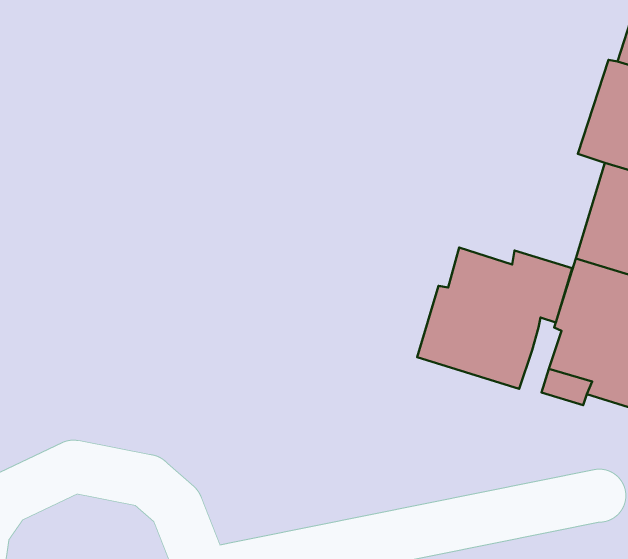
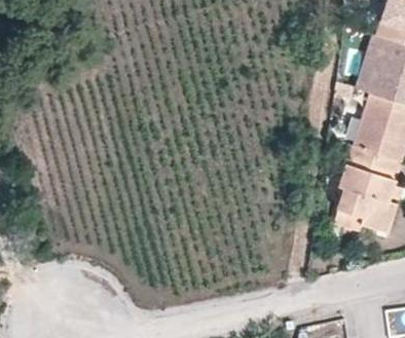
building: [417,248,572,389] -> none

